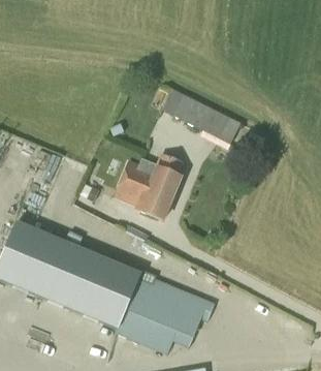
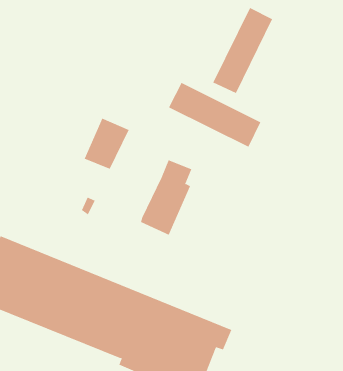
building: none -> [213,7,273,94]
building: [115,160,154,205] -> [84,118,130,170]

